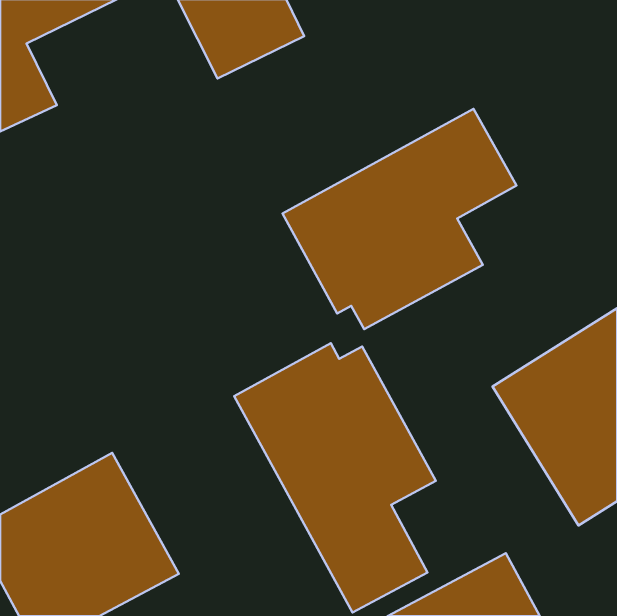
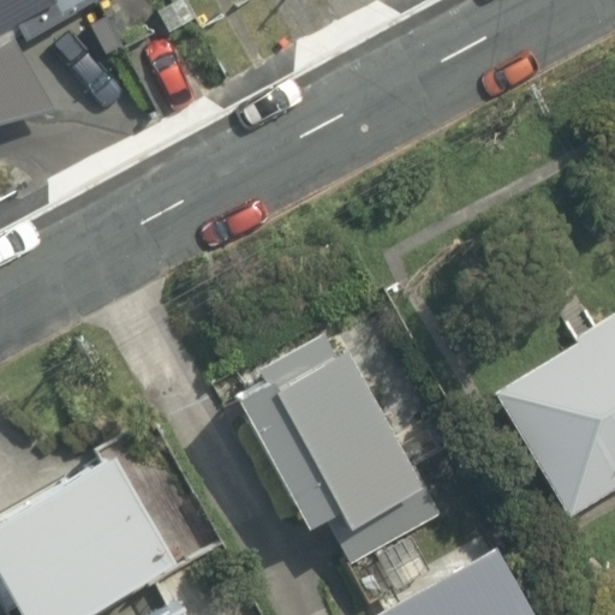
building: [283,109,516,329] -> none

